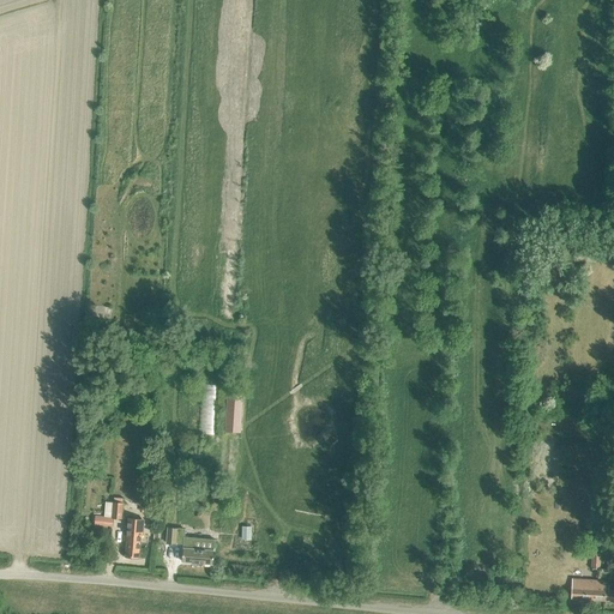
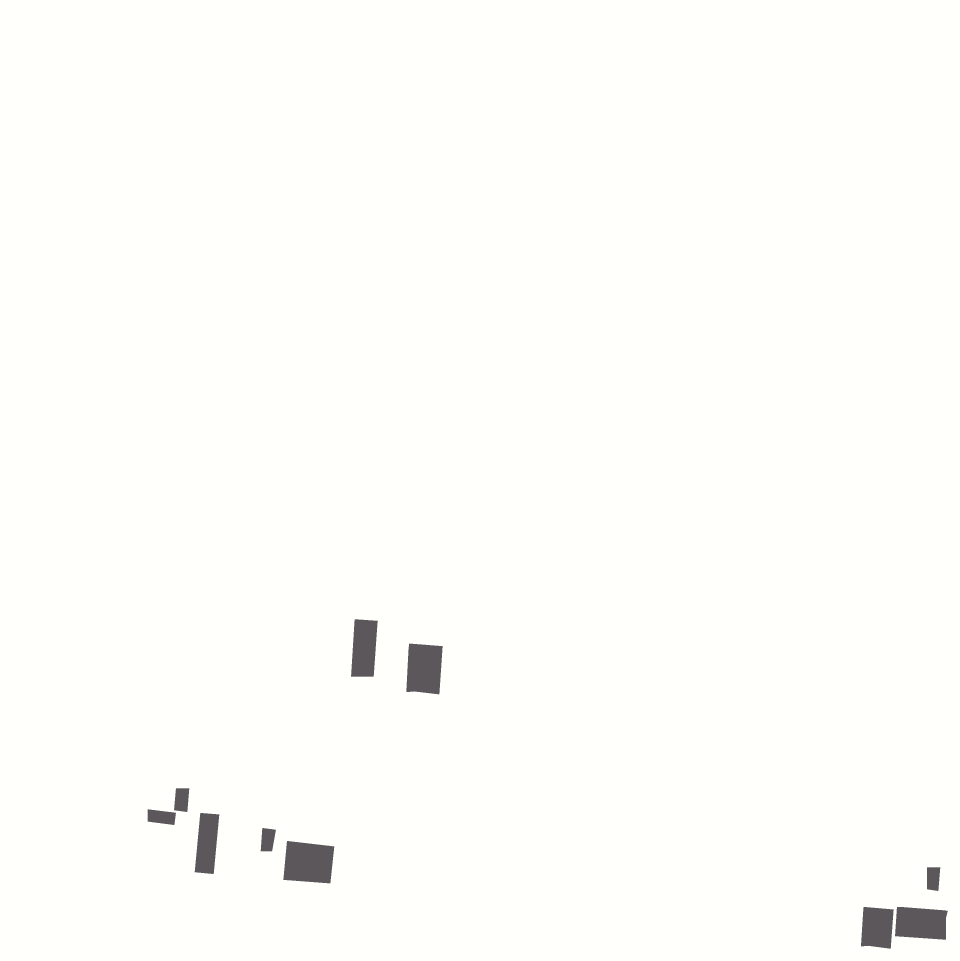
building: none -> [406,643,443,695]
building: none -> [860,906,894,950]

